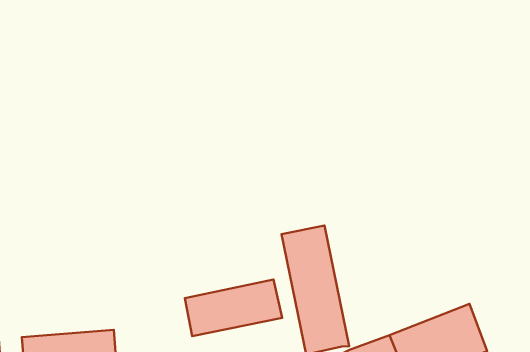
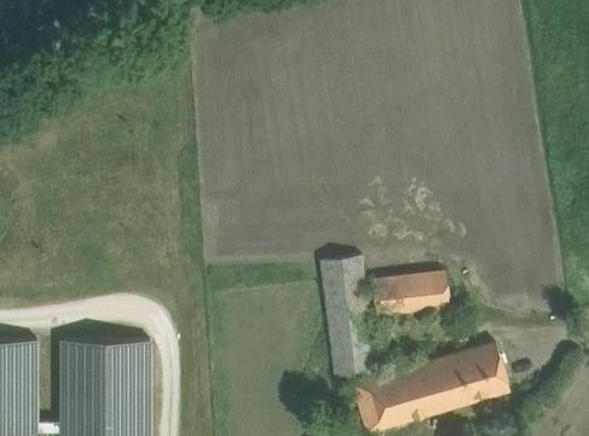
building: none -> [373,273,447,314]
building: [185,279,282,336] -> none

